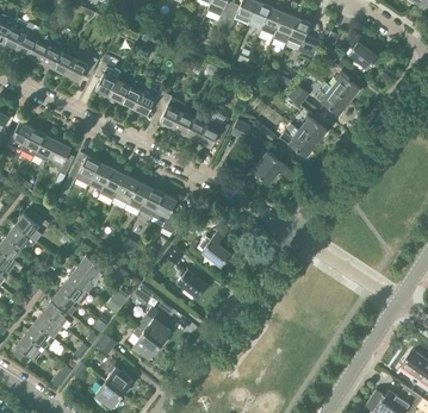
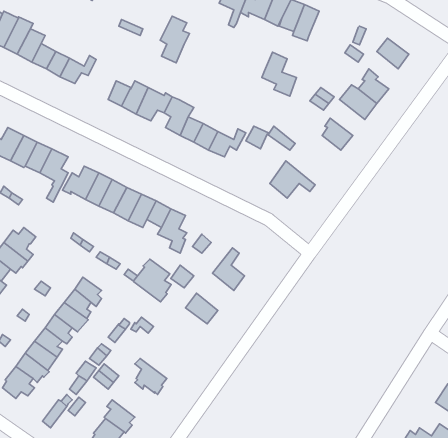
building: [287,18,318,57] -> [262,52,296,96]
building: [94,55,120,96] -> [160,16,190,63]
building: [279,124,316,156] -> none
building: [137,307,170,345] -> [134,259,171,302]

